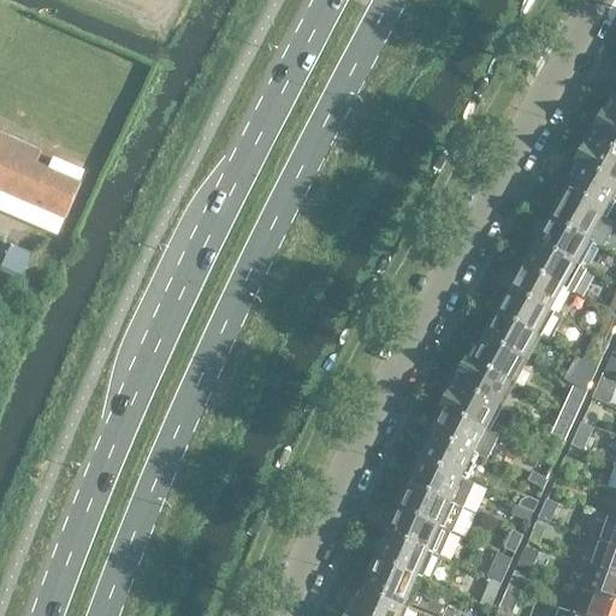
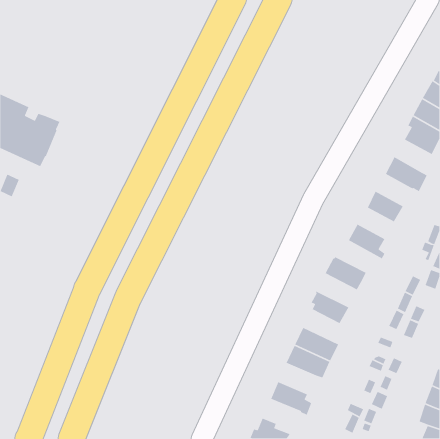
building: [550,195,603,241] -> none
building: [523,243,576,288] -> none
building: [498,290,559,333] -> none
building: [467,336,525,380] -> none
building: [440,381,498,428] -> none
building: [422,432,474,475] -> none
building: [387,507,440,550] -> none
building: [366,557,428,605] -> none

